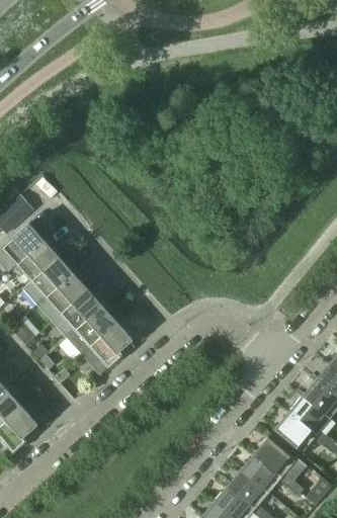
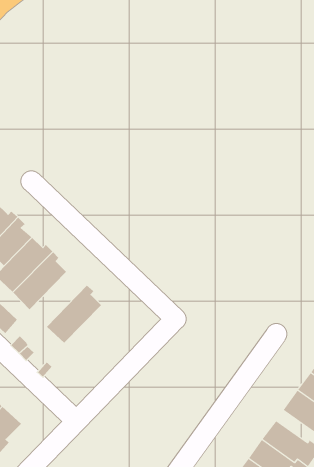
building: [52,289,105,338] -> none
building: [81,322,133,374] -> none

